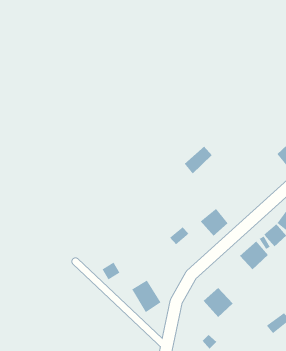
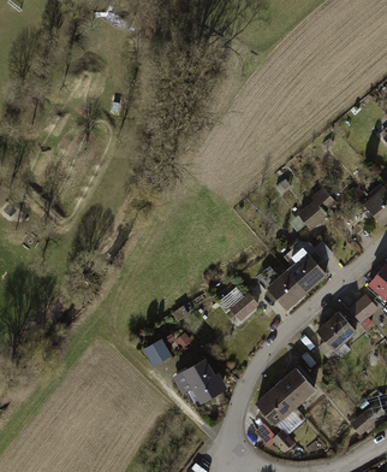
building: [184,146,213,174] -> [300,191,337,228]
building: none -> [290,254,325,290]
building: none -> [254,388,292,426]

